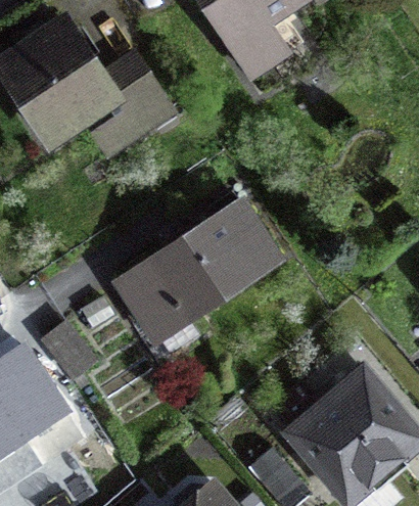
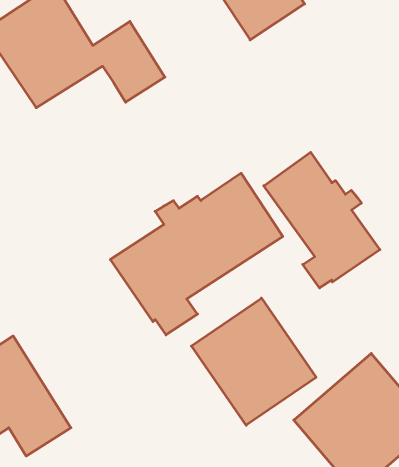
building: none -> [264,152,380,288]
building: none -> [191,298,316,425]

